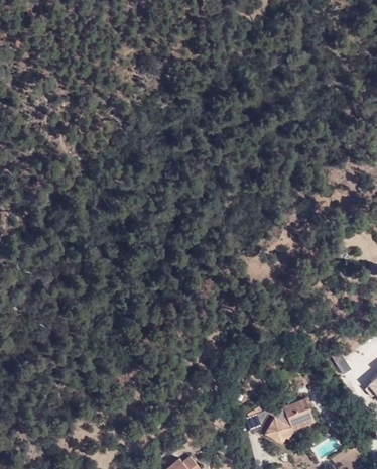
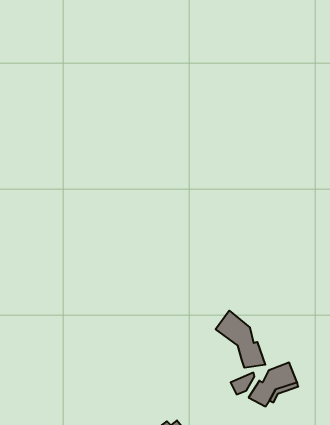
building: none -> [216,311,265,368]

